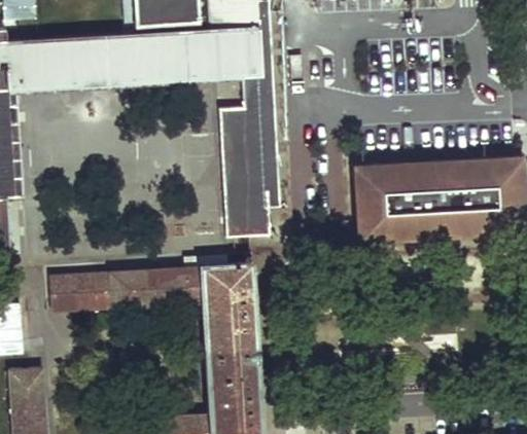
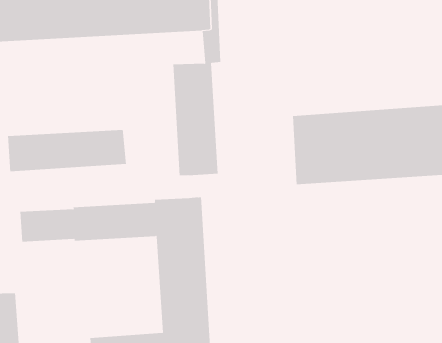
building: none -> [8,129,126,172]

